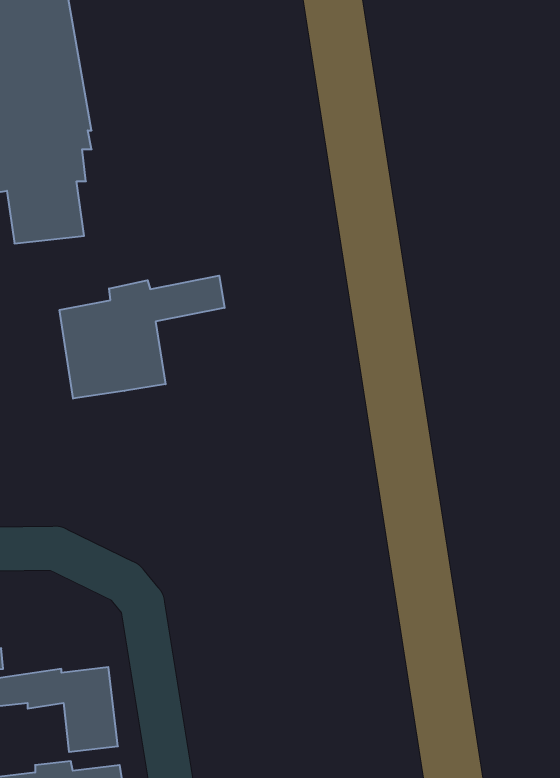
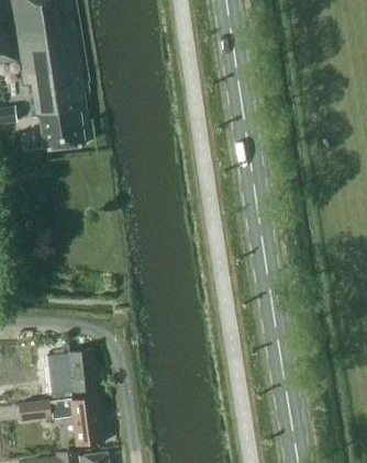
building: [60,276,225,399] -> none
building: none -> [47,349,99,394]

